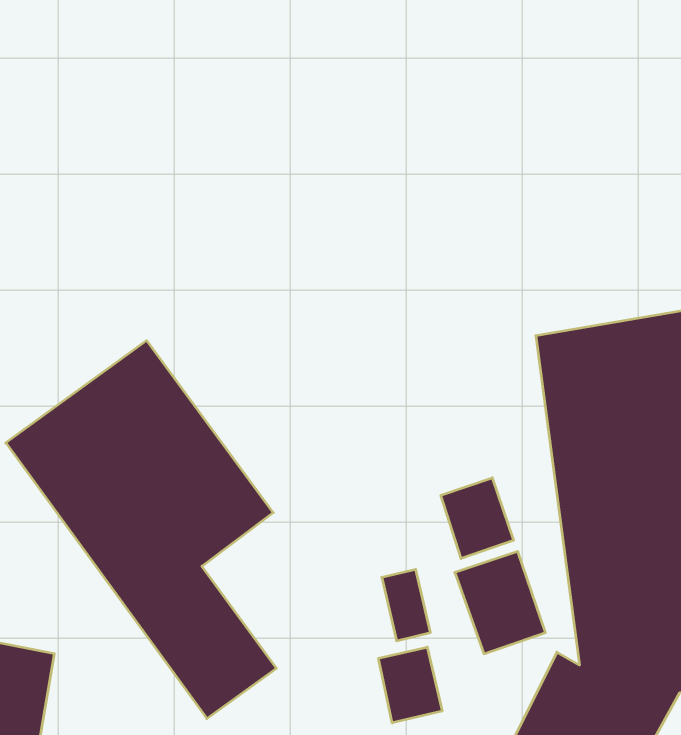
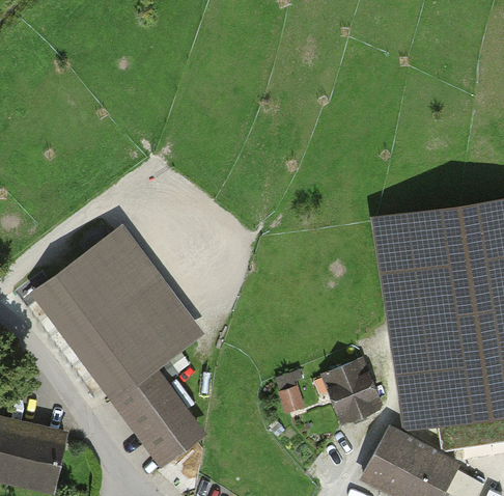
building: [441,478,514,559] -> none
building: [379,647,442,723] -> none

